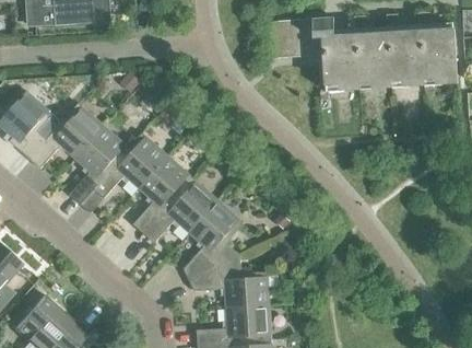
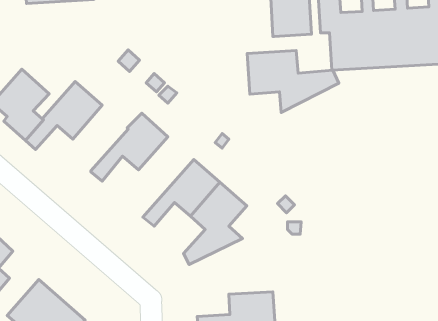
building: none -> [247,51,339,113]
building: [69,125,129,204] -> none
building: [132,155,192,233] -> none
building: [188,254,269,308] -> none

